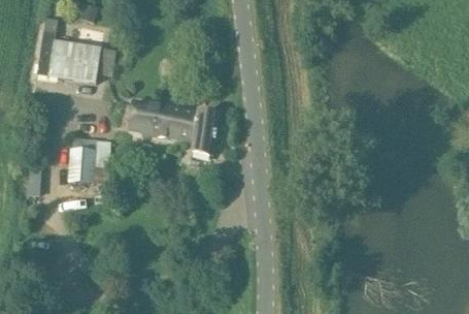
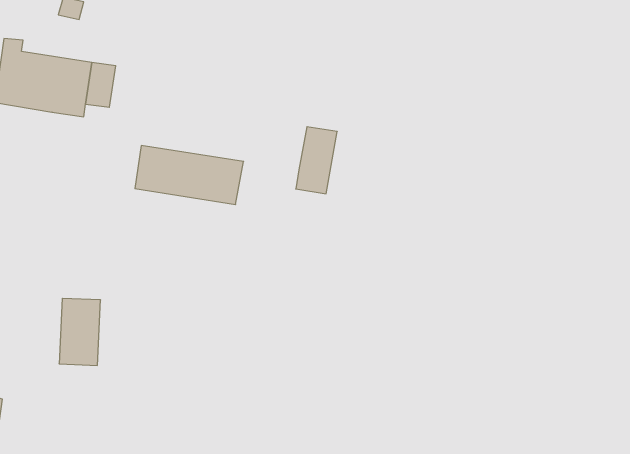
building: [192,111,219,154] -> [296,127,337,194]
building: [69,137,96,181] -> [59,298,101,365]

